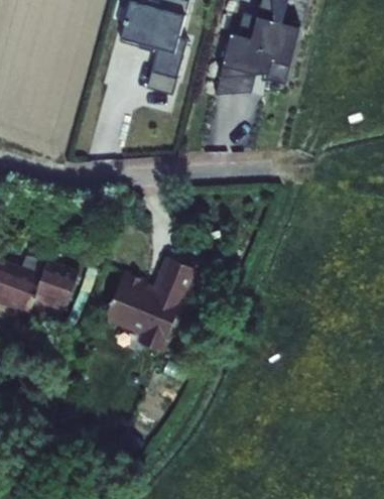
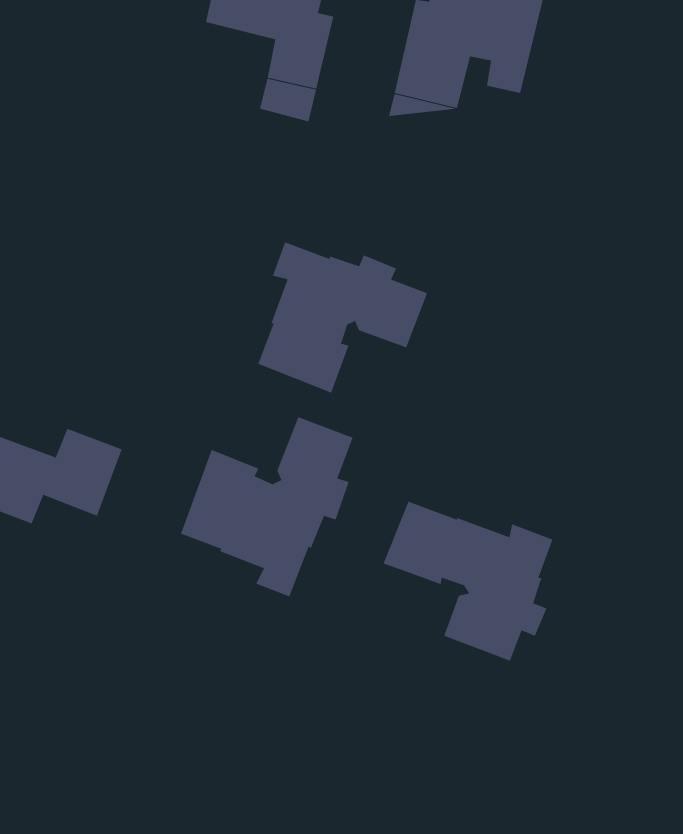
building: none -> [258,242,428,394]
building: none -> [383,501,553,662]

